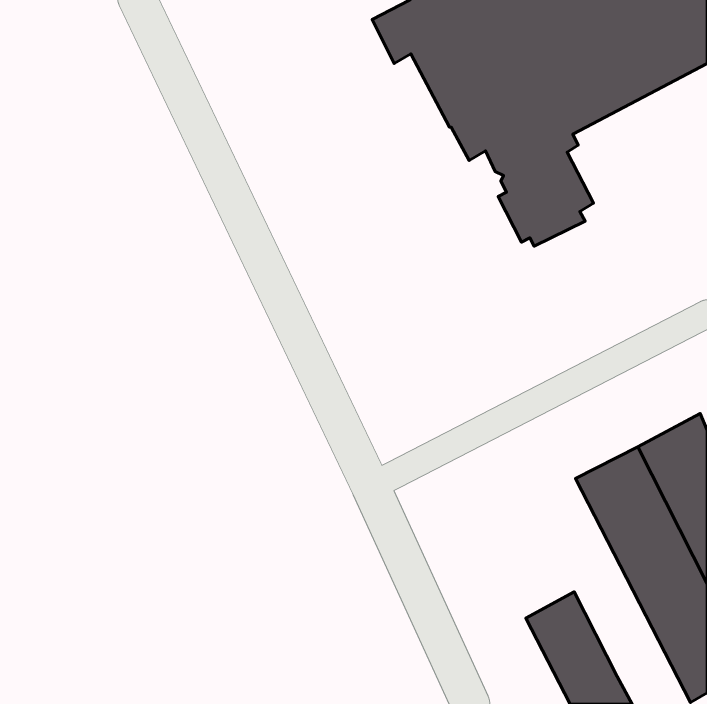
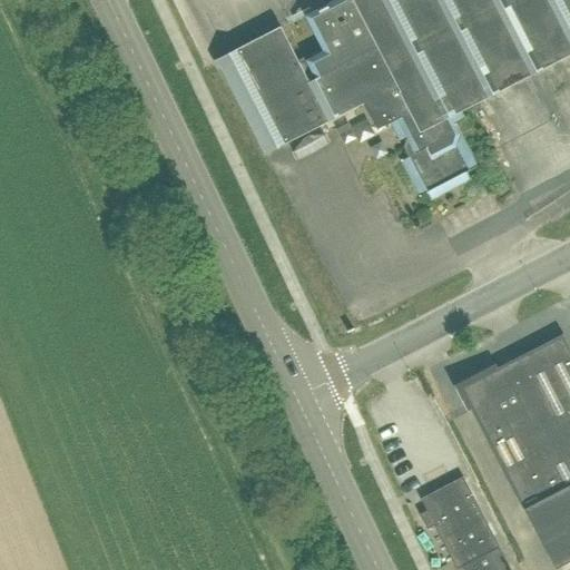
building: none -> [215,24,362,153]

